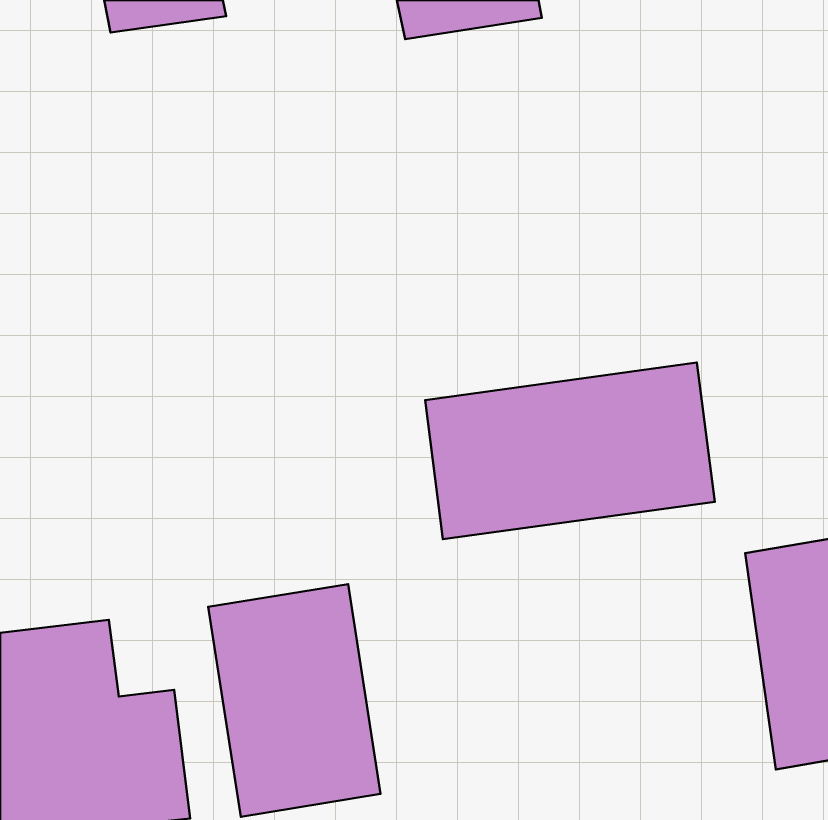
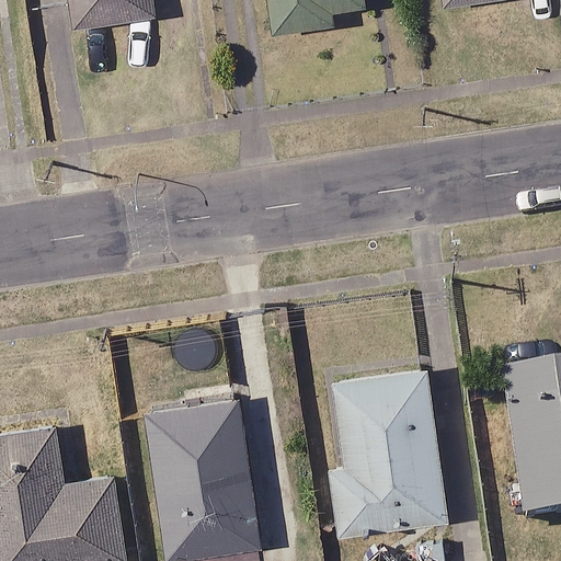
building: [425,363,715,539] -> none
building: none -> [318,370,447,536]

